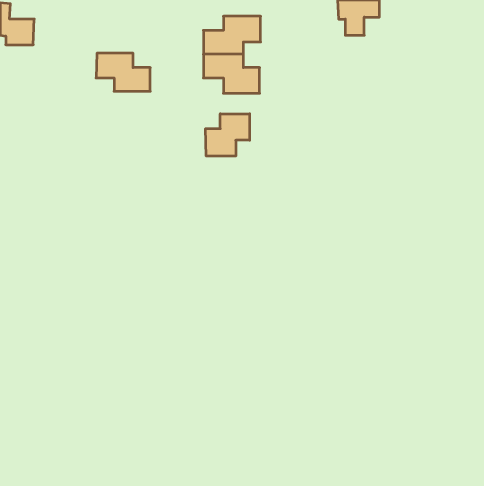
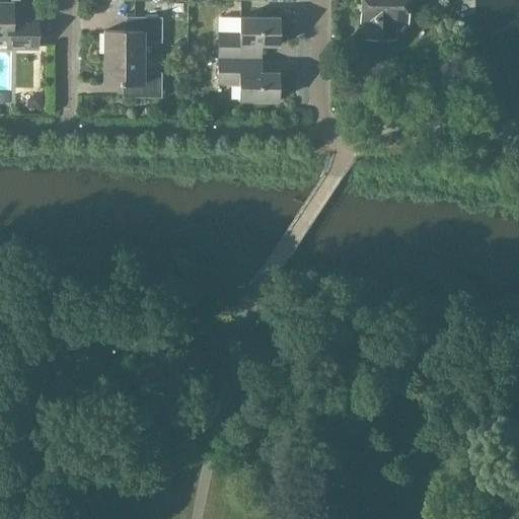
building: none -> [105,17,163,57]
building: [206,114,250,156] -> none

